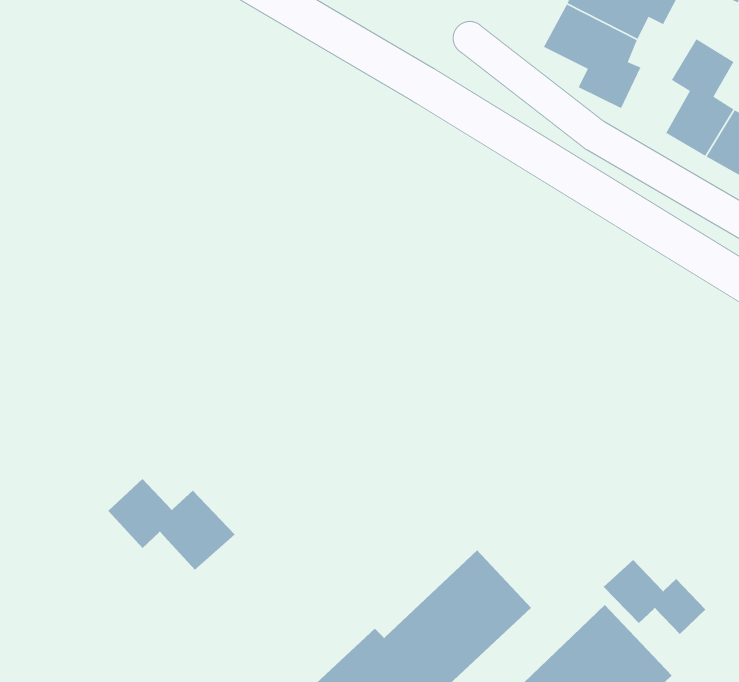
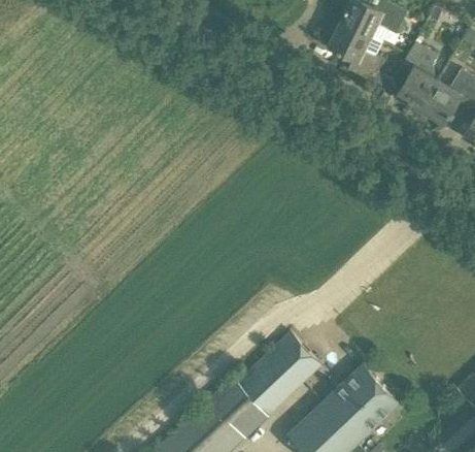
building: [107,478,235,571] -> none
building: [603,559,706,635] -> none

